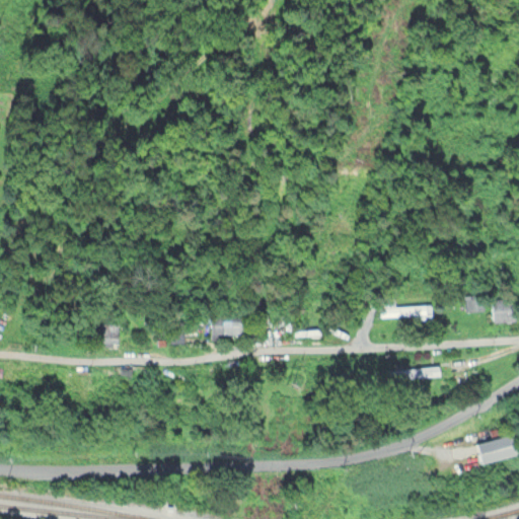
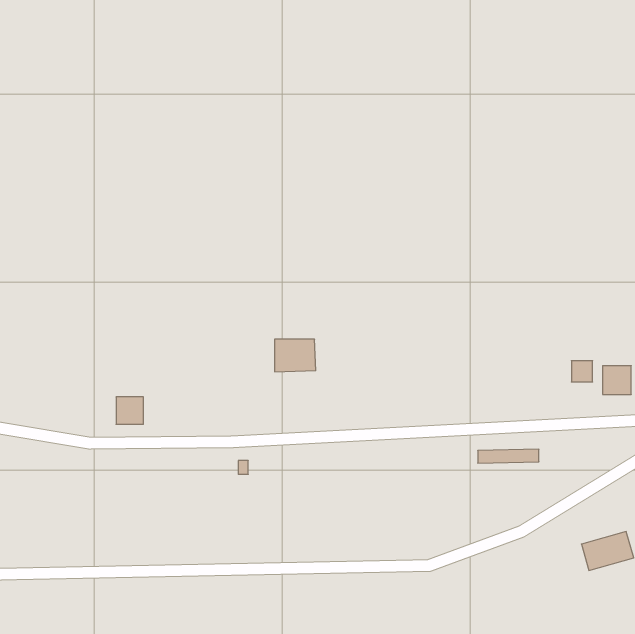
building: [380,297,433,320] -> none
building: [211,314,244,341] -> [275,339,316,372]

